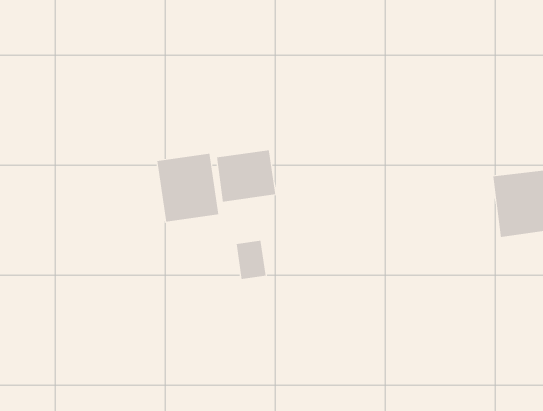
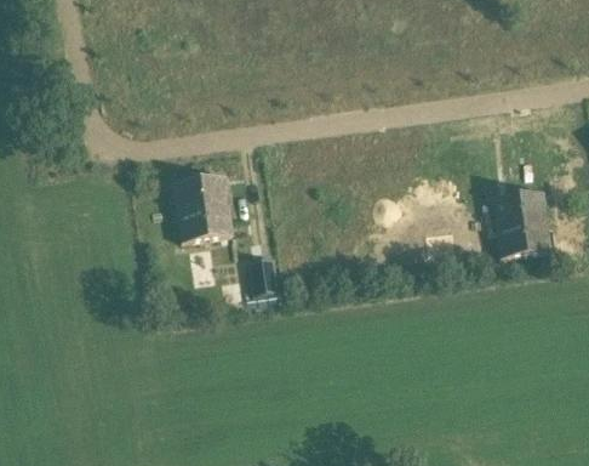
building: [217,149,276,203] -> none

